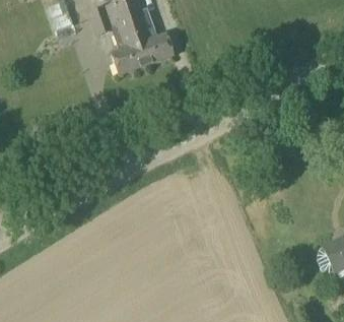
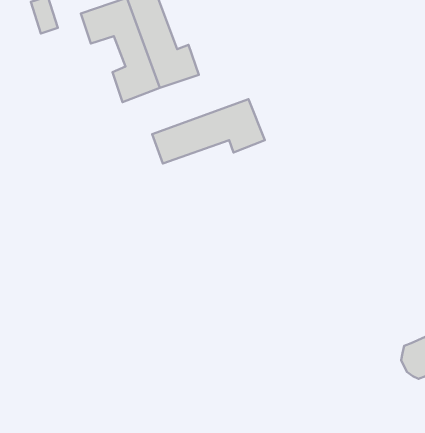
building: none -> [152,99,265,164]

